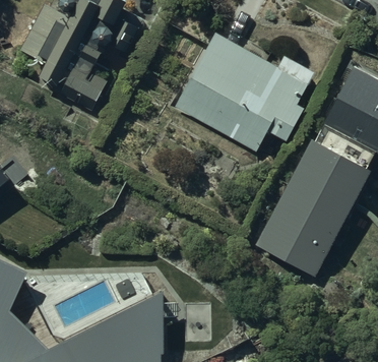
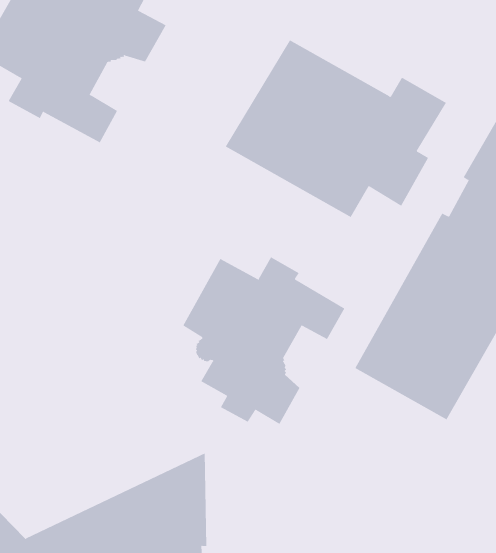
building: none -> [183,256,345,425]

